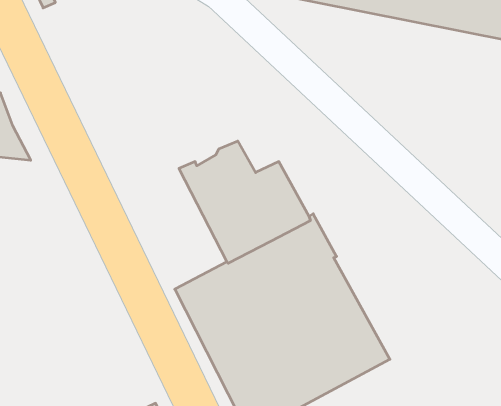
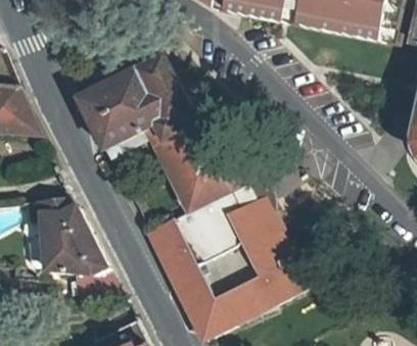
building: none -> [76,51,192,156]
building: none -> [26,196,119,295]

